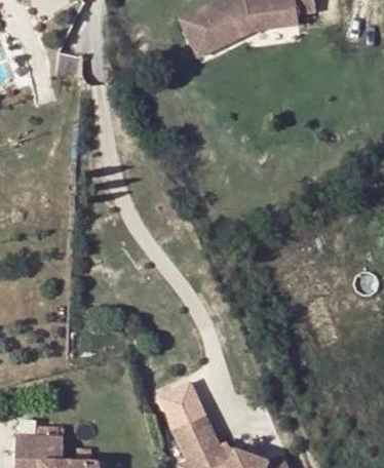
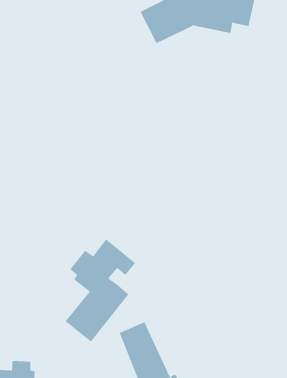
building: none -> [65,238,136,342]

